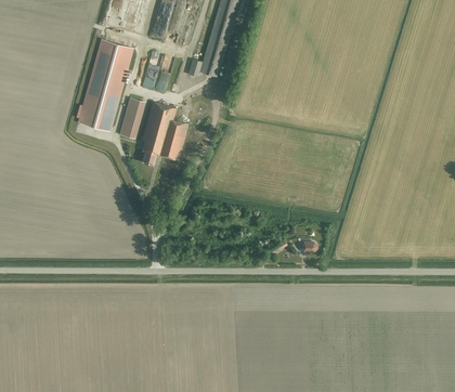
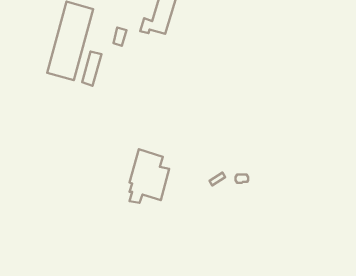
building: [142,101,188,164] -> [130,149,169,203]

